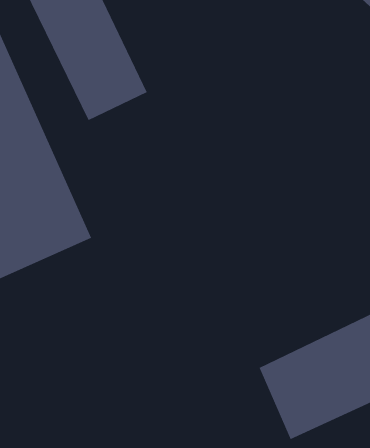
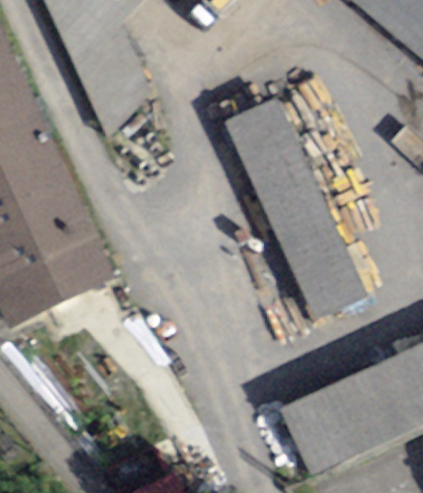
building: none -> [227,95,364,315]

